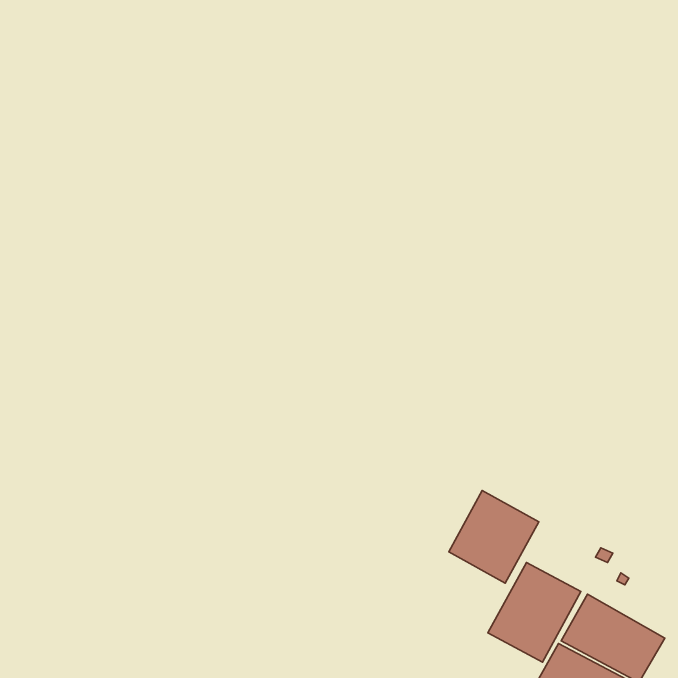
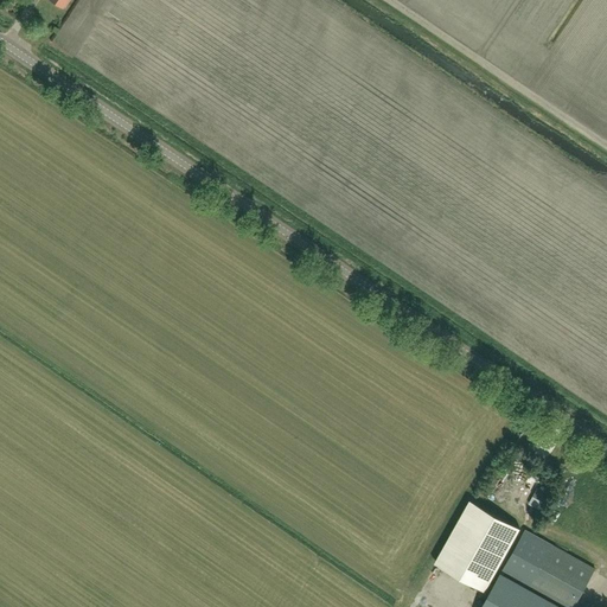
building: [449,490,539,583] -> none

